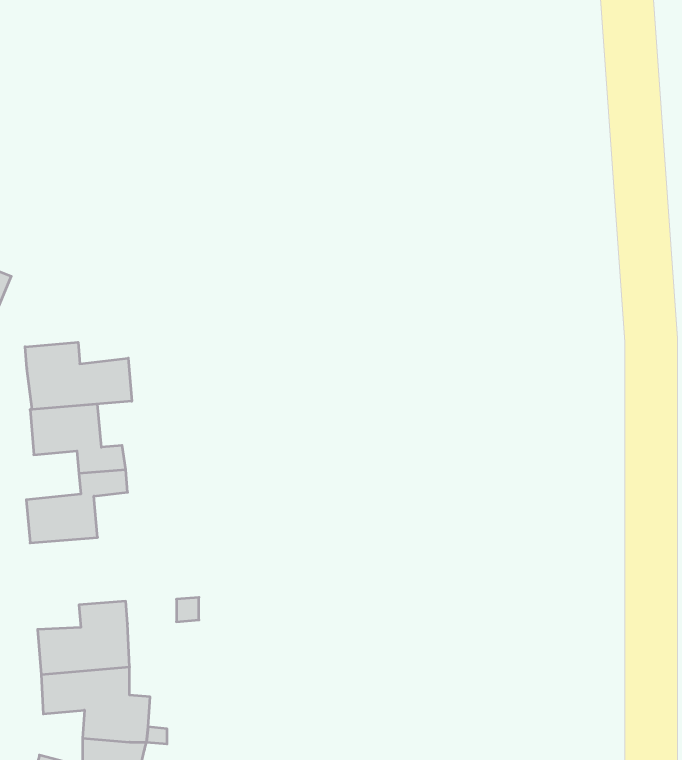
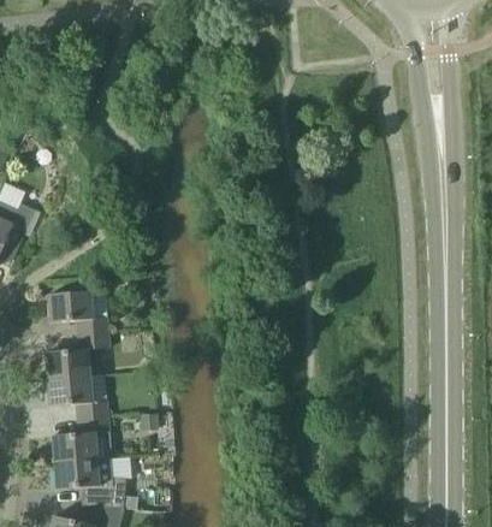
building: [25,342,132,409] -> none
building: none -> [47,375,108,419]

